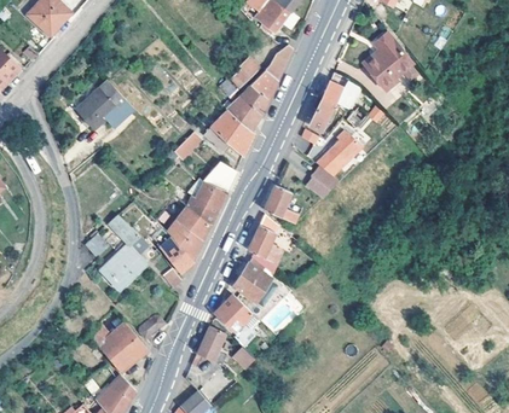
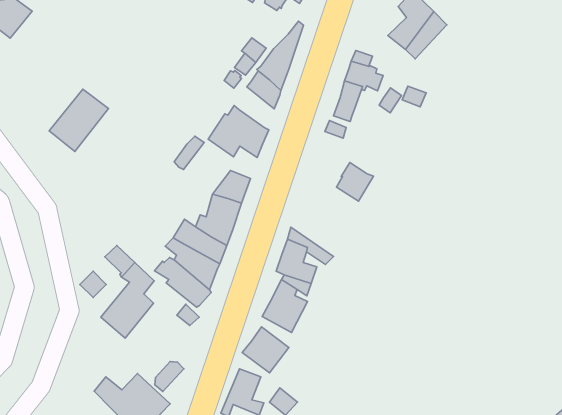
building: [227,94,261,129] -> none
building: [317,132,364,176] -> none
building: [265,185,302,223] -> none

